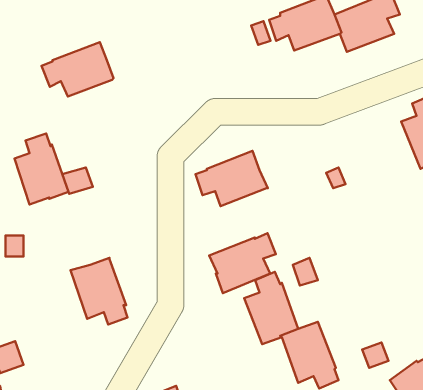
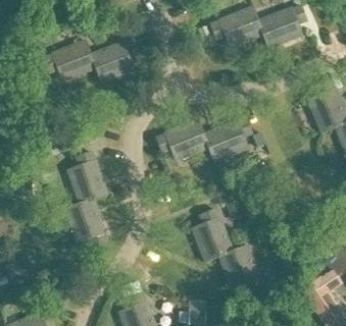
building: none -> [91,39,139,83]
building: [14,134,68,204] -> [67,152,107,204]
building: [209,233,276,293] -> [203,118,252,162]

